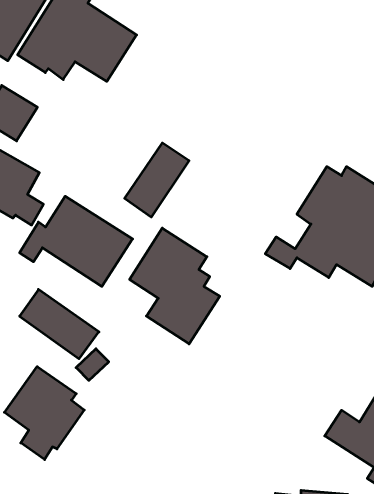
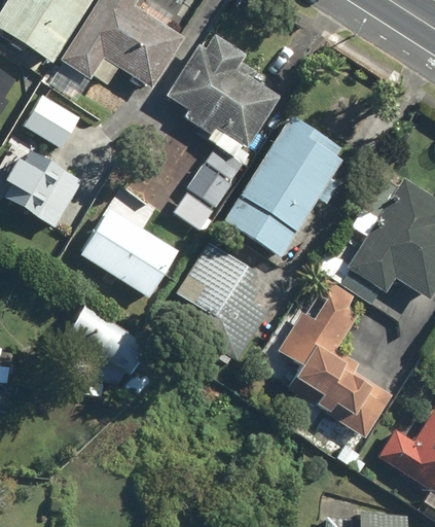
building: none -> [167,34,280,156]
building: none -> [225,116,348,258]
building: none -> [282,277,394,437]
building: [4,367,84,460] -> none

